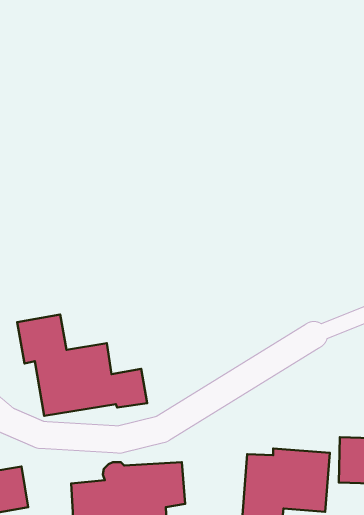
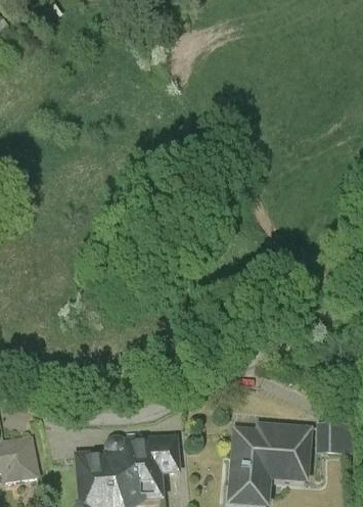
building: [17,314,147,416] -> none

